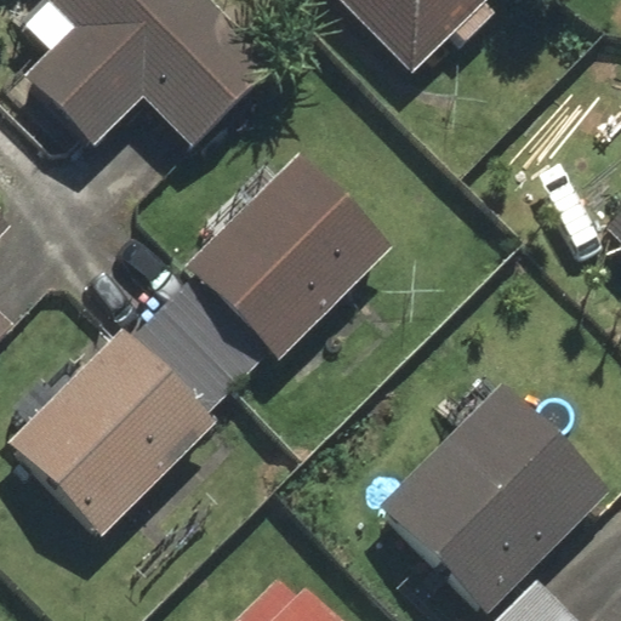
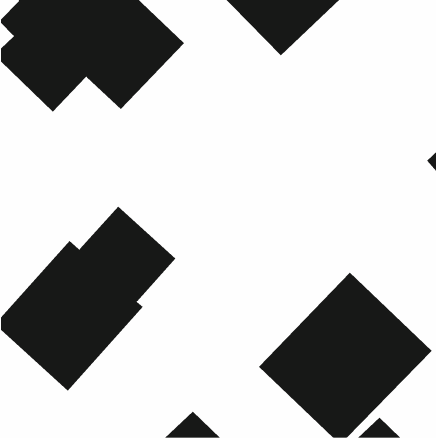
building: [186,149,398,361] -> none

